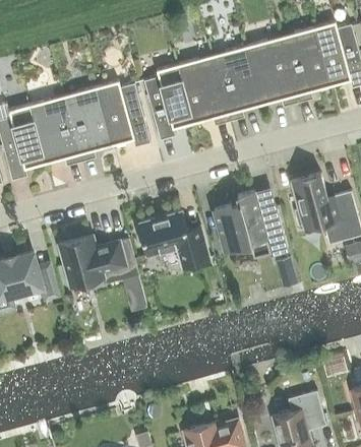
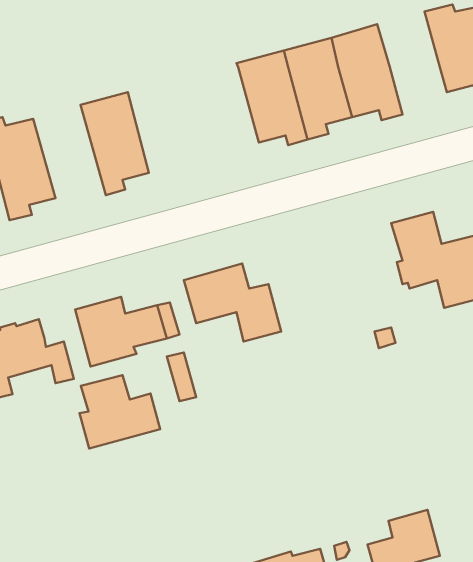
building: [280,26,330,102] -> none
building: [143,64,193,139] -> none
building: [98,80,151,146] -> none
building: [28,94,81,165] -> none
building: [214,191,288,256] -> none
building: none -> [79,375,160,449]

